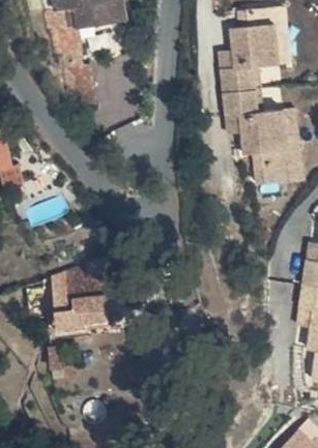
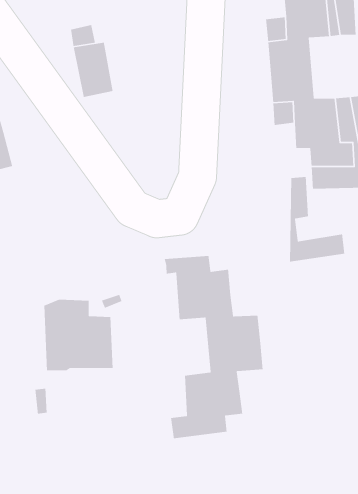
building: none -> [289,176,345,263]
building: none -> [164,255,263,439]

